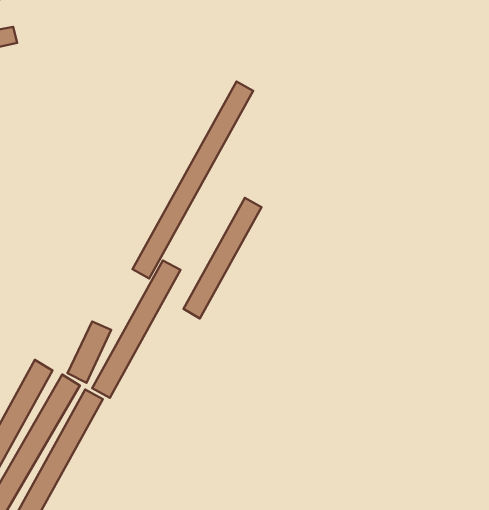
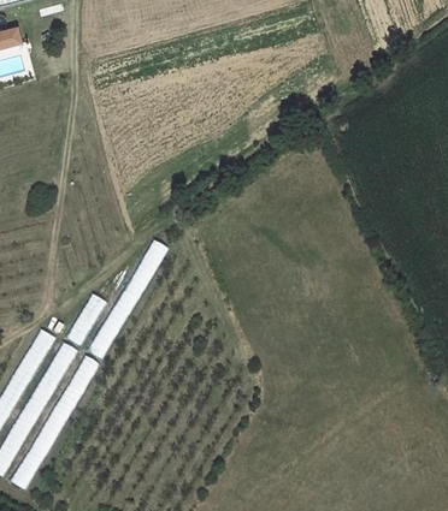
building: [133,81,253,279] -> none
building: [183,198,262,318] -> none

